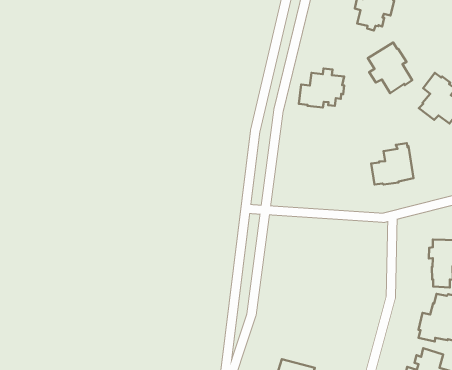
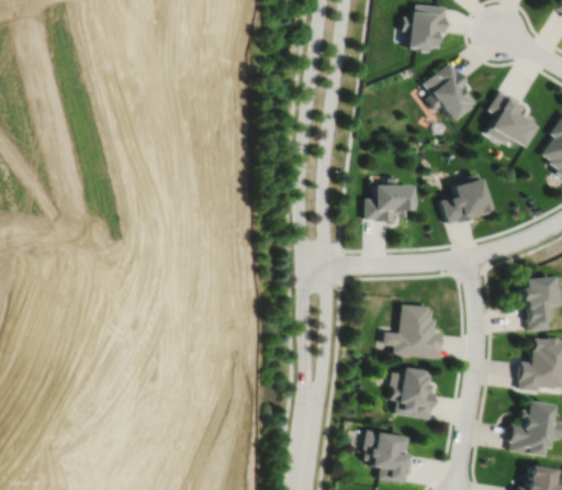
building: [299,68,344,108] -> [367,177,415,221]
building: none -> [386,304,443,358]
building: none -> [393,367,435,419]

